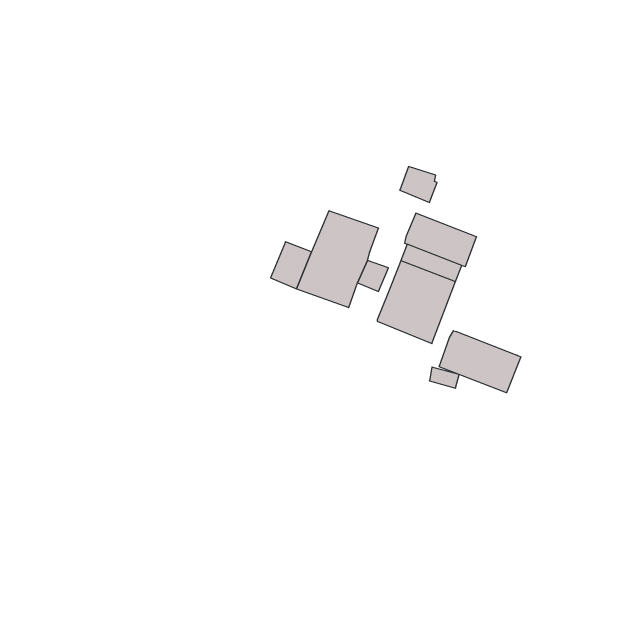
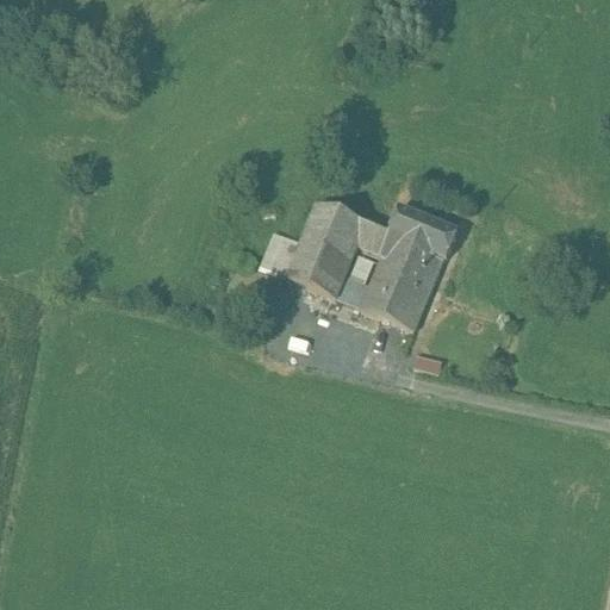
building: [400,167,437,202] -> [355,219,391,254]
building: none -> [335,272,372,307]
building: [439,331,521,393] -> none

